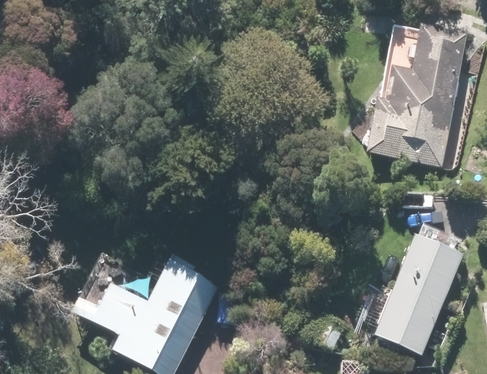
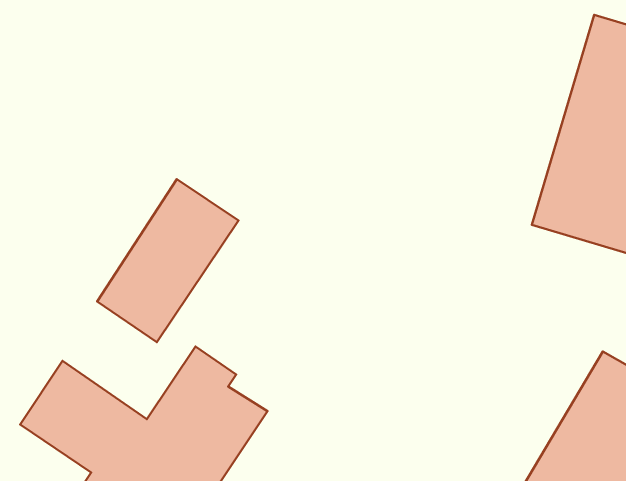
building: none -> [97,179,238,342]

